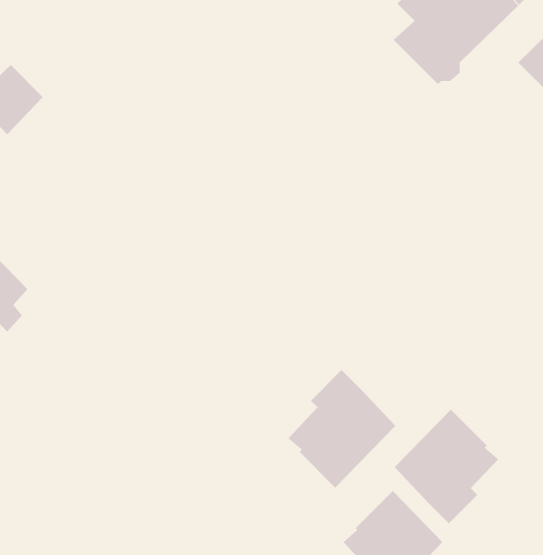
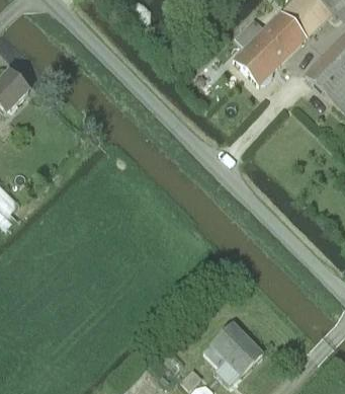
building: [287,369,396,488] -> none
building: [394,409,499,524] -> none

